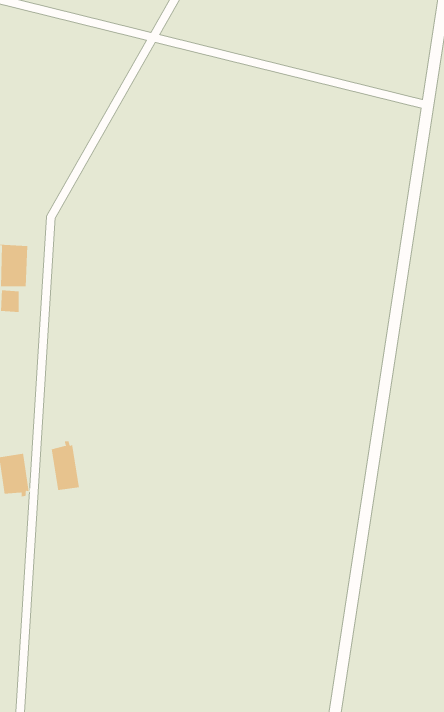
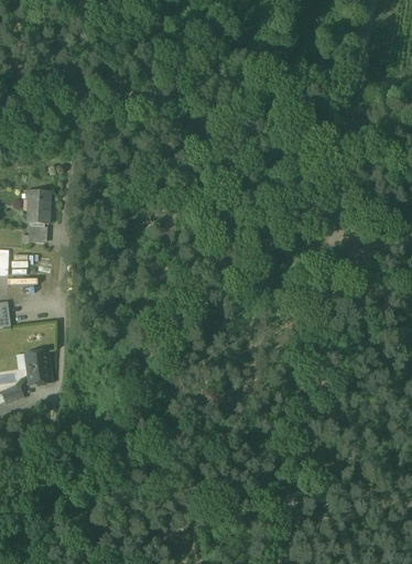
building: [51,440,79,491] -> none

